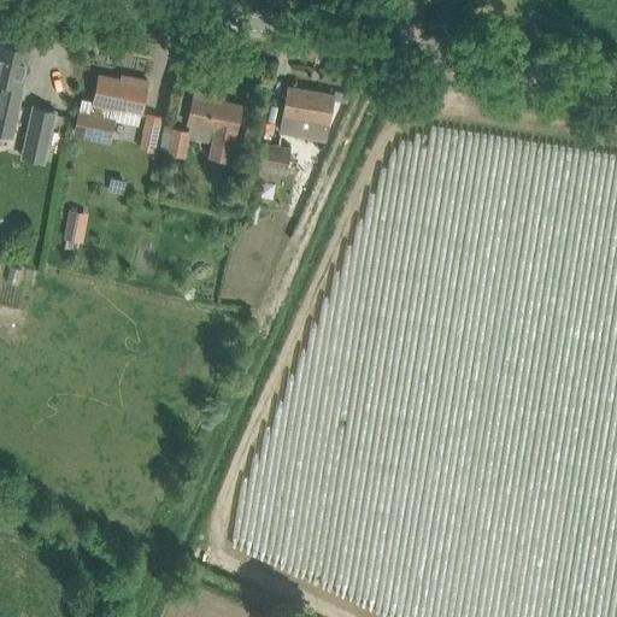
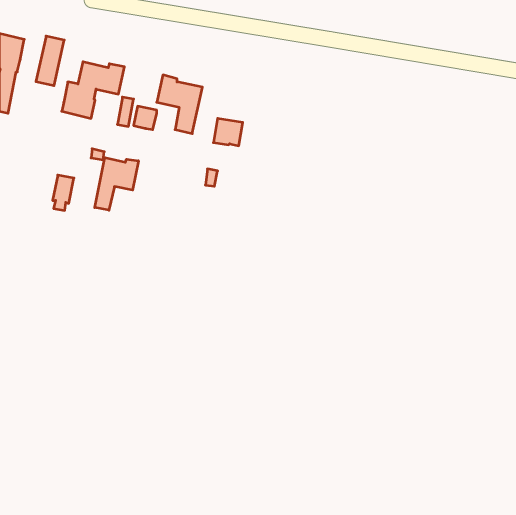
building: [278,87,331,141] -> none
building: [20,106,54,165] -> [36,36,64,86]
building: none -> [95,158,138,210]

